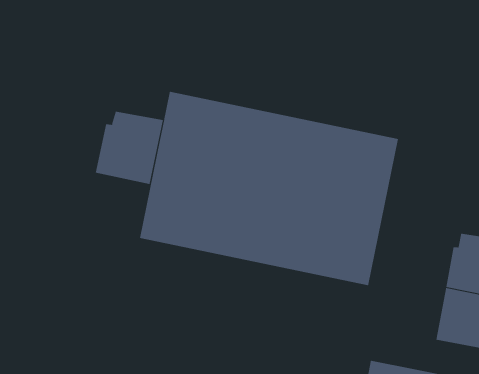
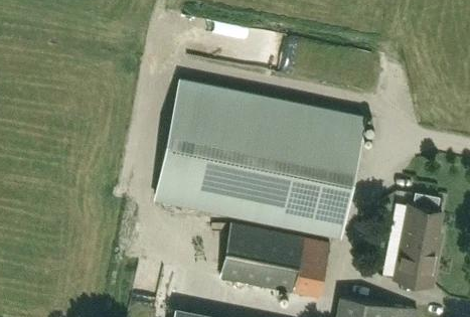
building: [95,111,163,185] -> none
building: none -> [220,223,330,299]

